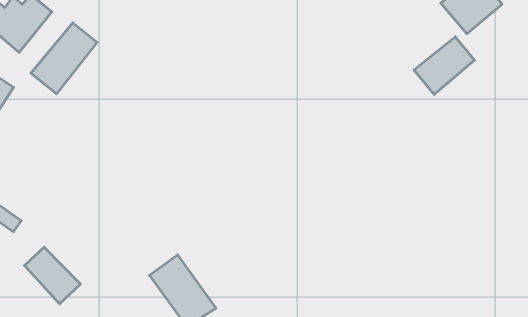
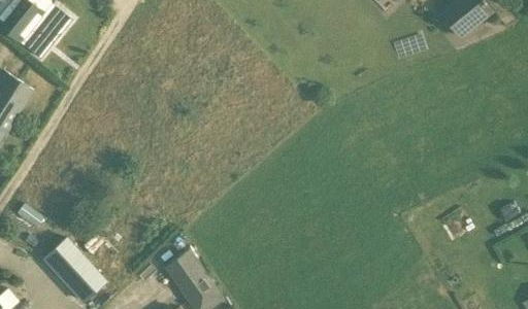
building: [31,23,97,94] -> none
building: [414,37,475,95] -> none

